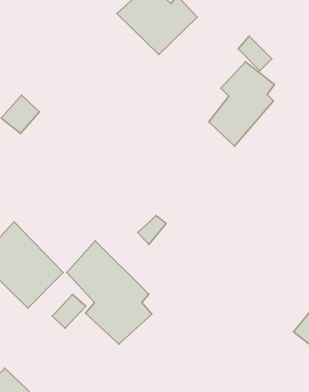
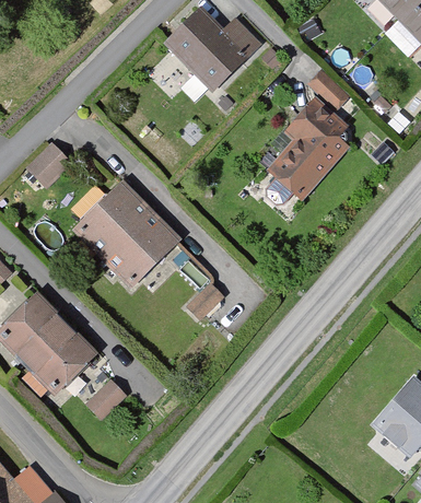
building: none -> [68,180,178,291]
building: [67,241,152,344] -> none

